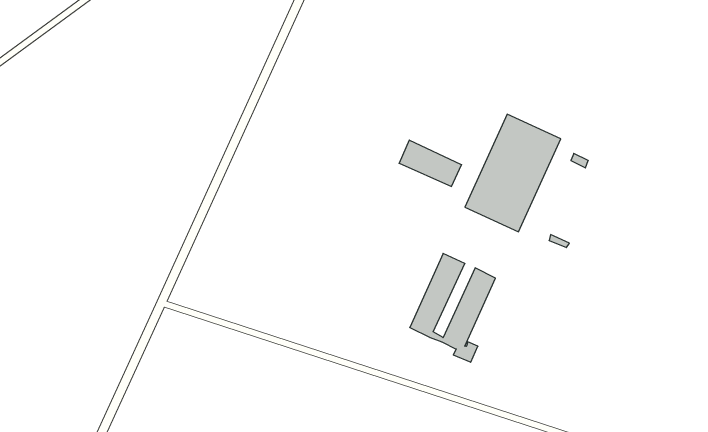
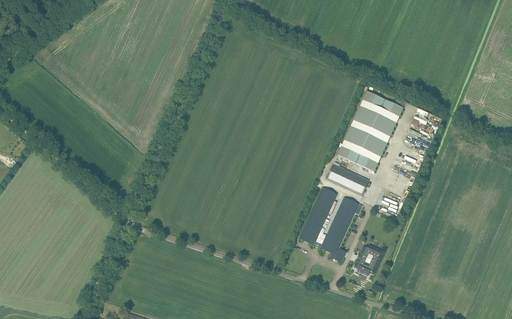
building: [399,140,462,186] -> [326,162,369,194]
building: none -> [356,244,383,274]

